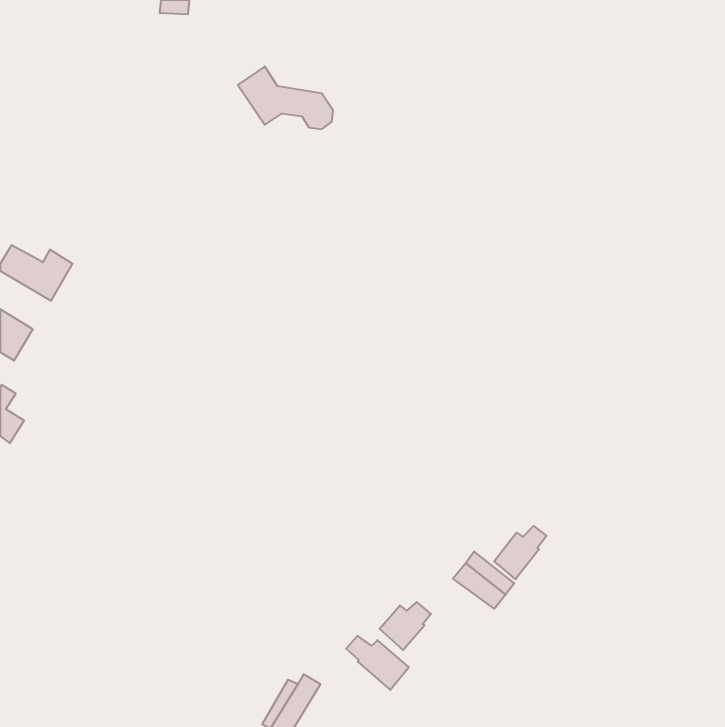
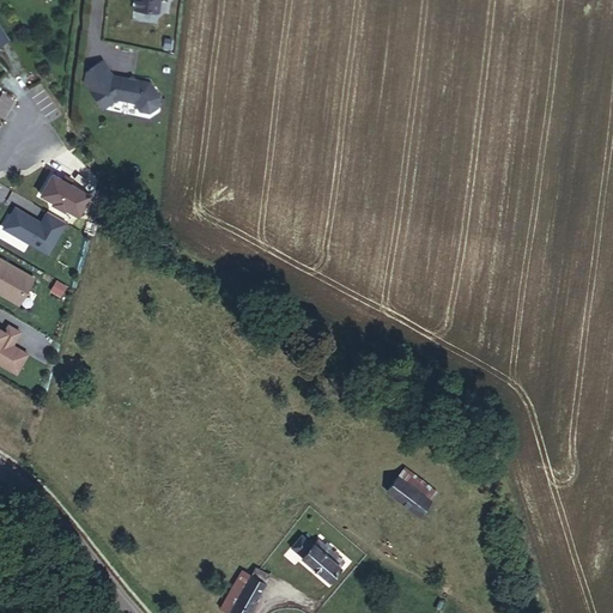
building: [238,66,333,129] -> [81,62,162,115]
building: none -> [40,174,89,216]
building: [494,526,547,579] -> none
building: [380,602,431,650] -> none

